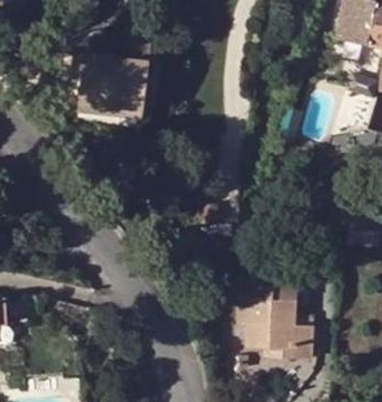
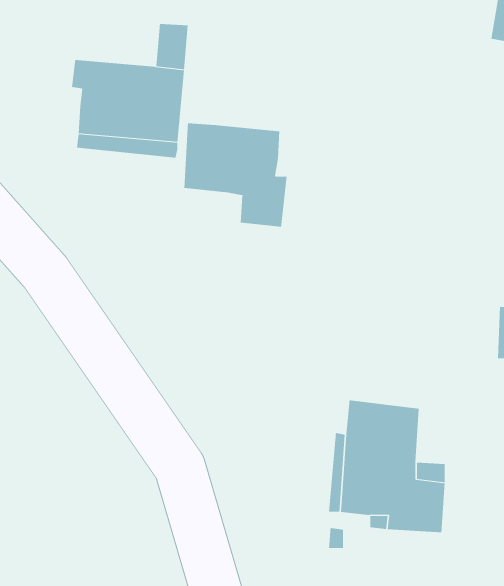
building: none -> [184,122,287,227]

